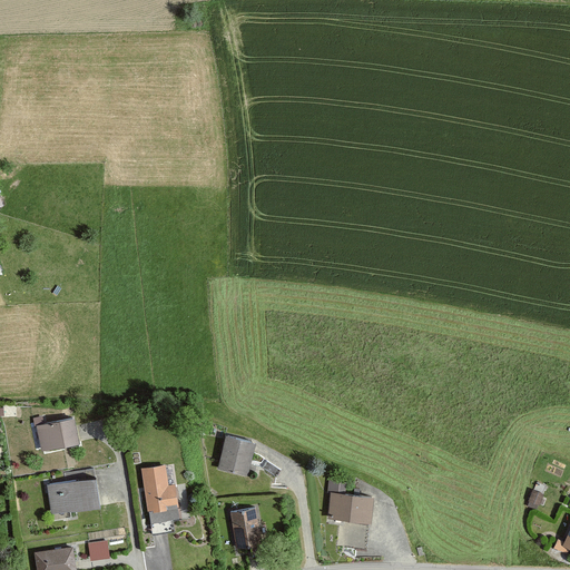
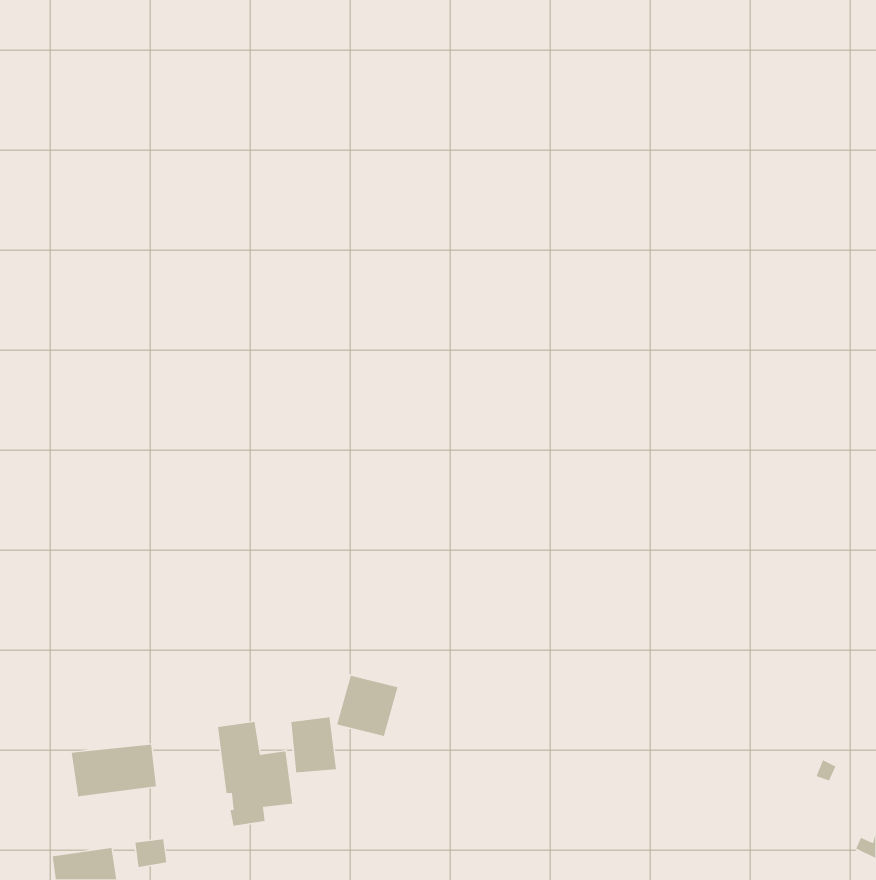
building: [36,419,80,451] -> none
building: [323,479,376,523] -> none
building: [232,509,262,546] -> [290,716,337,773]

